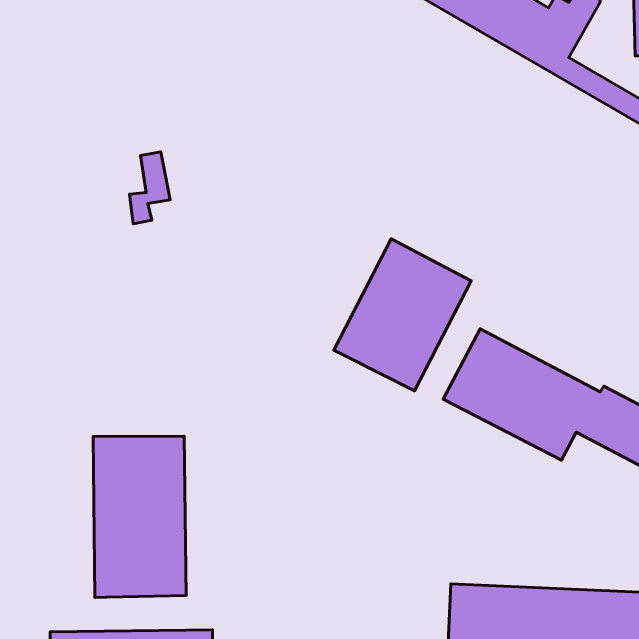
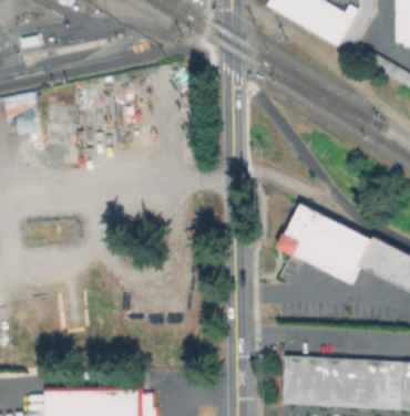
building: [334,239,471,391] -> none
building: [93,436,186,598] -> none

